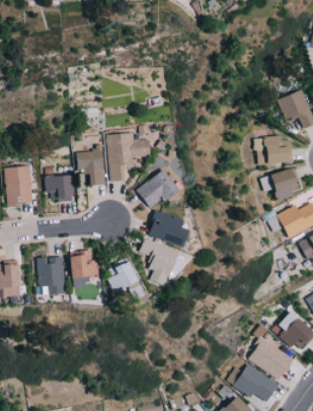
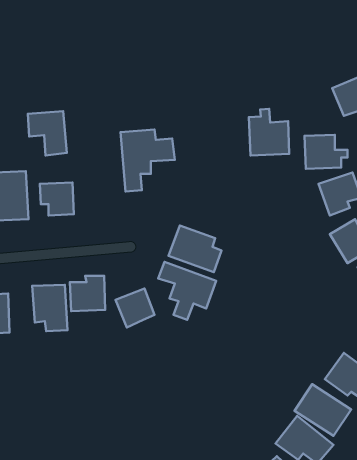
building: none -> [249,109,289,155]
building: [76,150,107,186] -> [28,111,67,155]
building: [136,169,178,210] -> none

